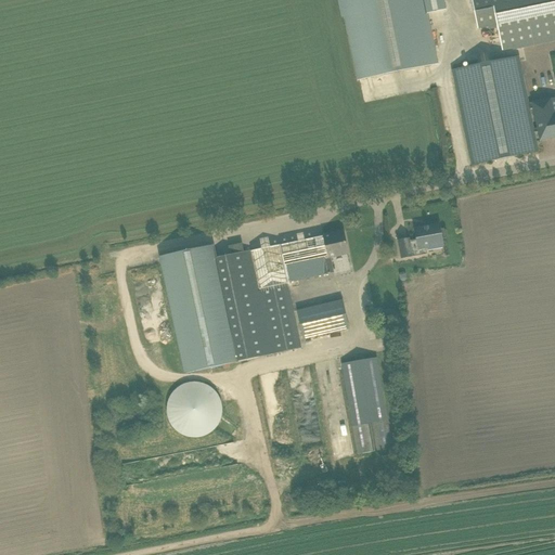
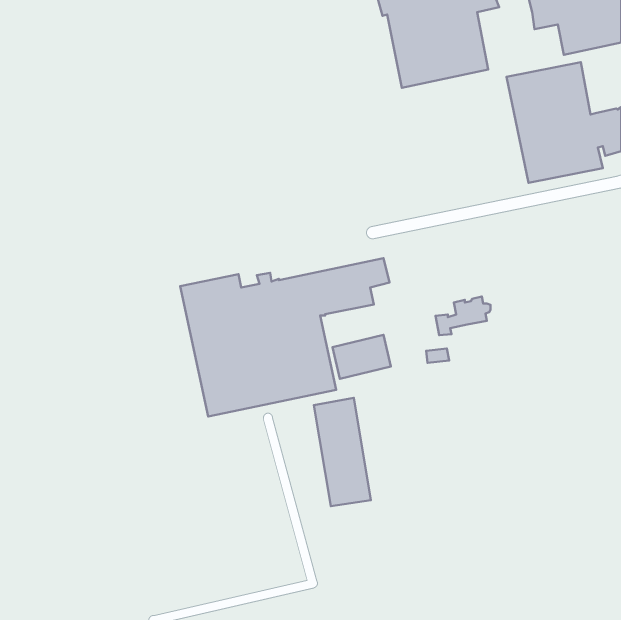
building: [397,221,446,256] -> [436,296,490,335]
building: [340,356,391,452] -> [314,398,371,506]
building: [166,380,221,436] -> none

